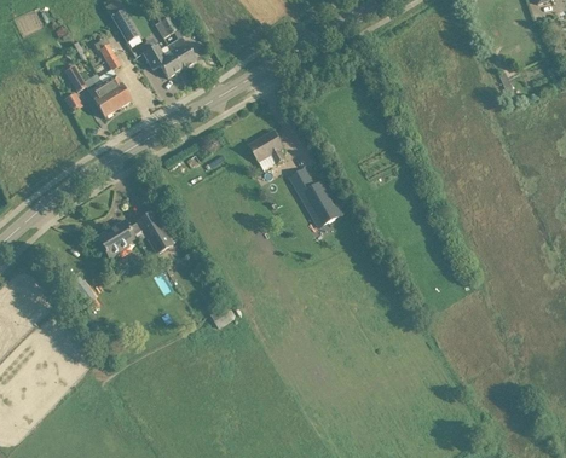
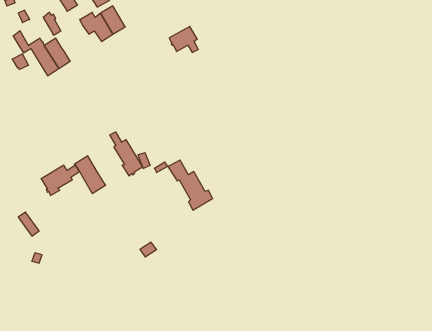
building: [249,132,283,162] -> [169,26,198,52]
building: [289,169,341,227] -> [168,160,213,210]
building: none -> [110,132,143,176]

